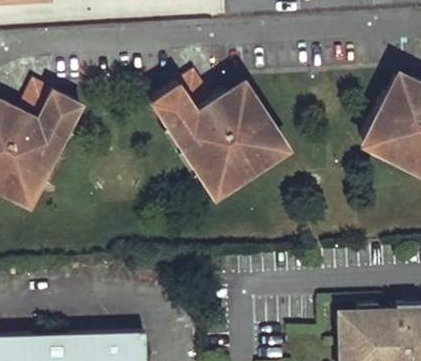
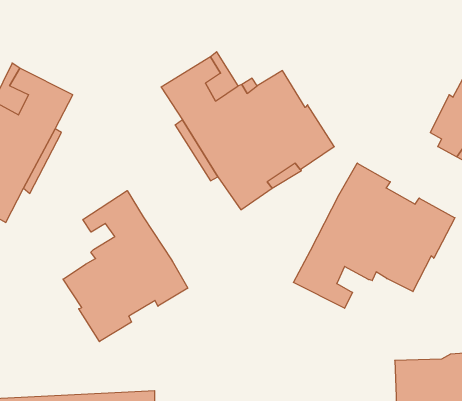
building: none -> [293,163,455,308]
building: none -> [63,191,188,342]

